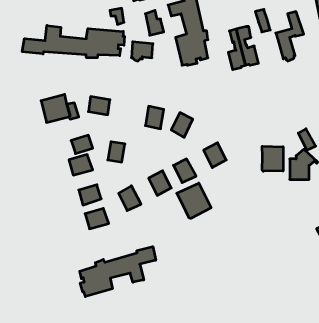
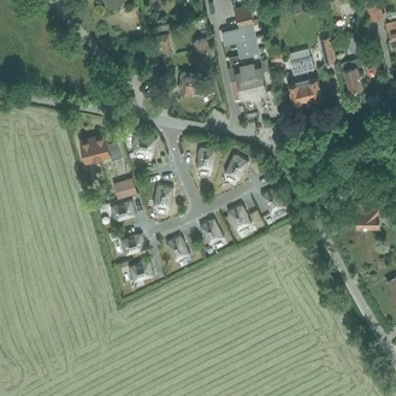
building: [22,25,124,58] -> none
building: [262,146,283,171] -> none
building: [177,183,211,218] -> none
building: [80,247,156,297] -> none

